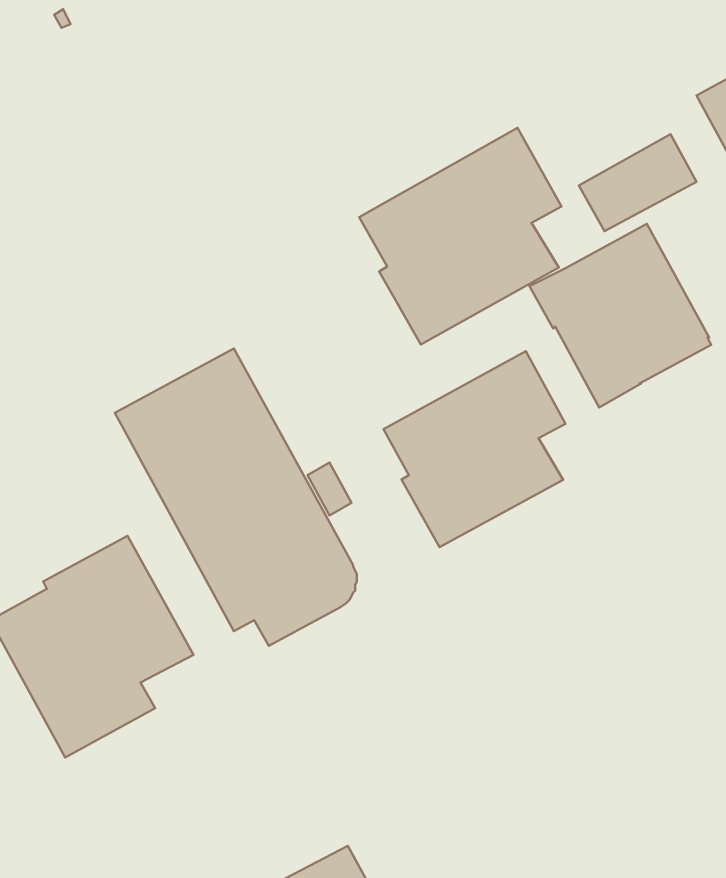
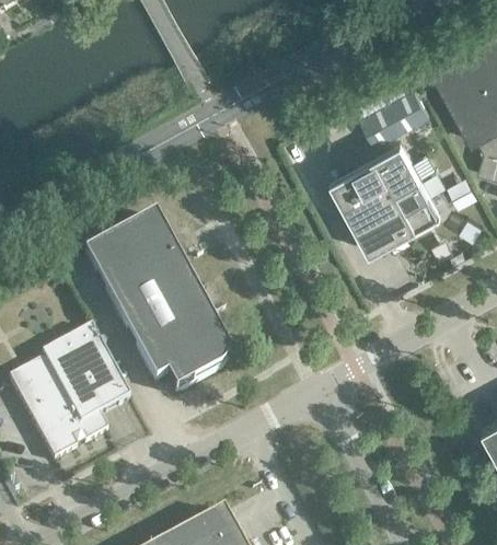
building: [359,128,562,345] -> none
building: [384,351,566,547] -> none

